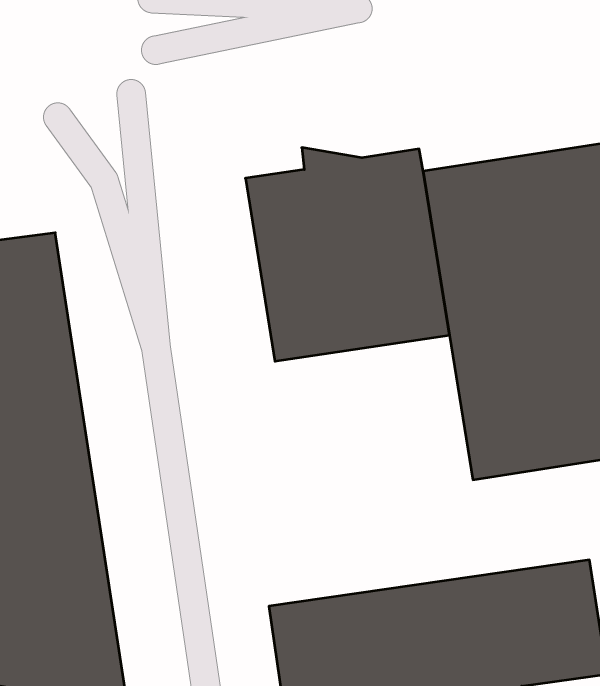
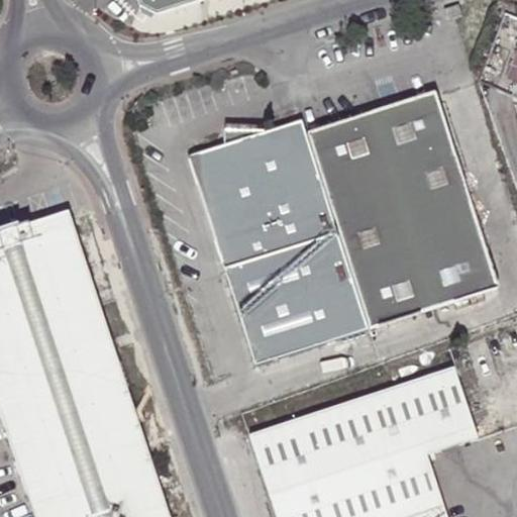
building: none -> [226,235,369,365]

